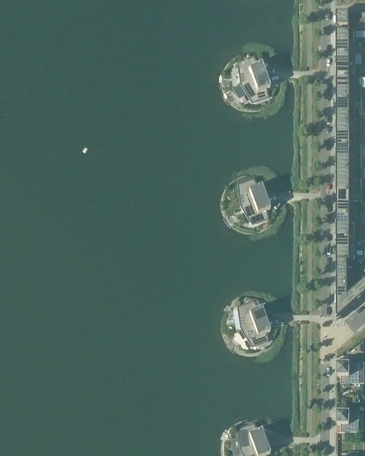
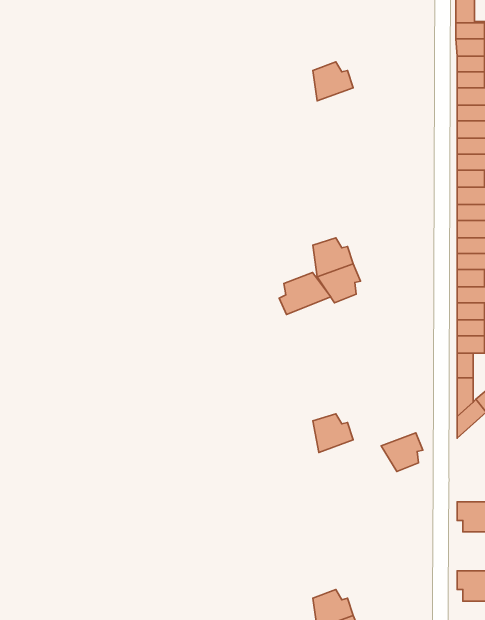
building: [239,74,269,101] -> none
building: none -> [279,272,331,315]
building: [240,318,269,345] -> [381,433,423,472]

